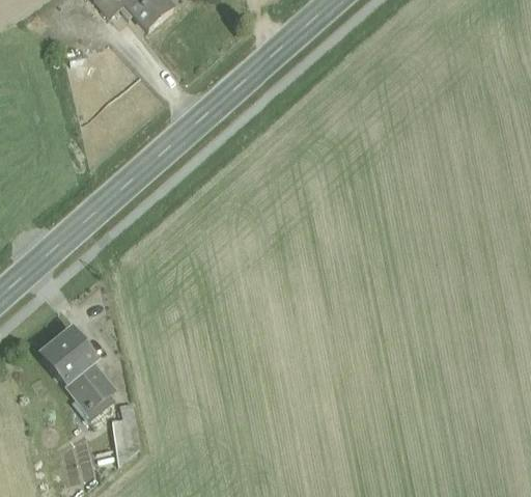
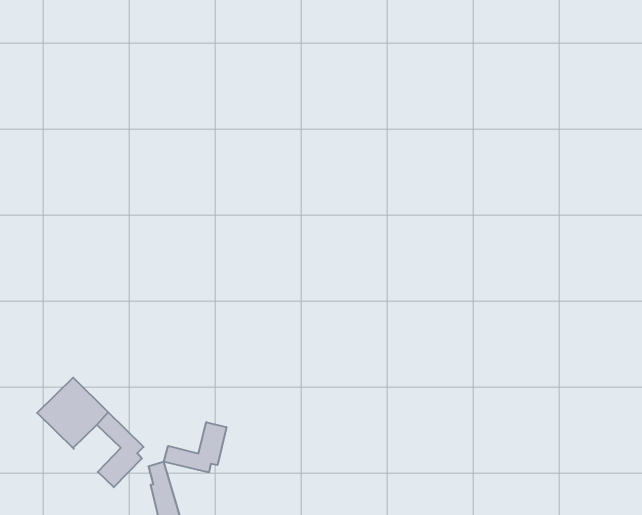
building: [65,367,100,402] -> none
building: none -> [164,422,226,472]

